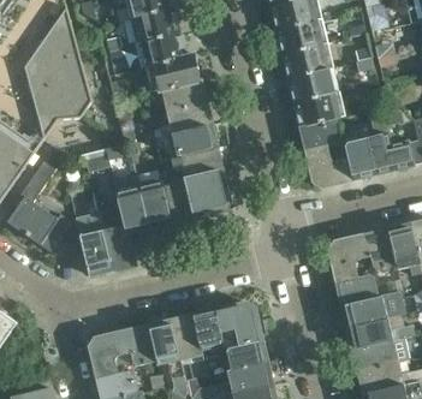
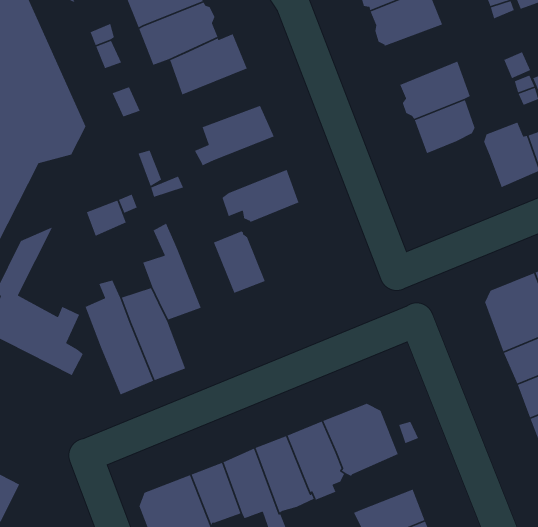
building: [290,70,335,103] -> none
building: [145,79,206,112] -> none
building: [171,125,216,156] -> none
building: [307,145,351,186] -> none
building: [183,169,228,216] -> none
building: [138,178,171,227] -> none
building: [226,339,267,370] -> none

